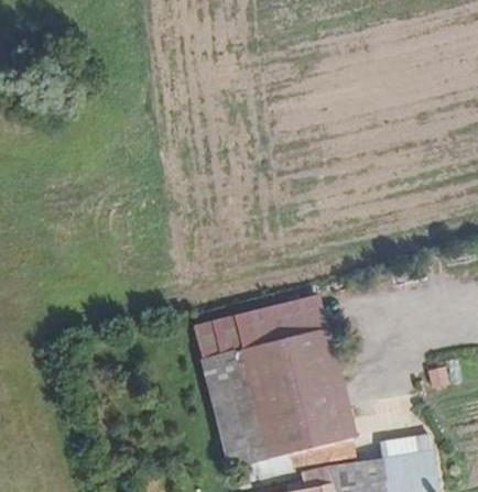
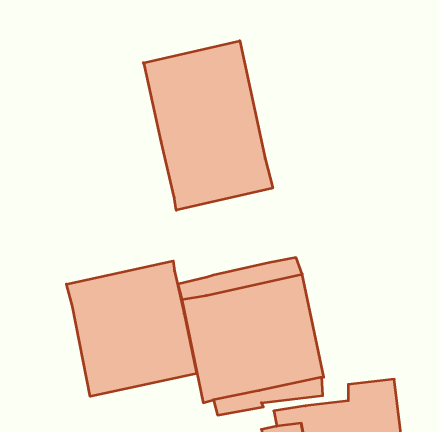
building: none -> [143,41,273,210]
building: none -> [66,261,197,396]

